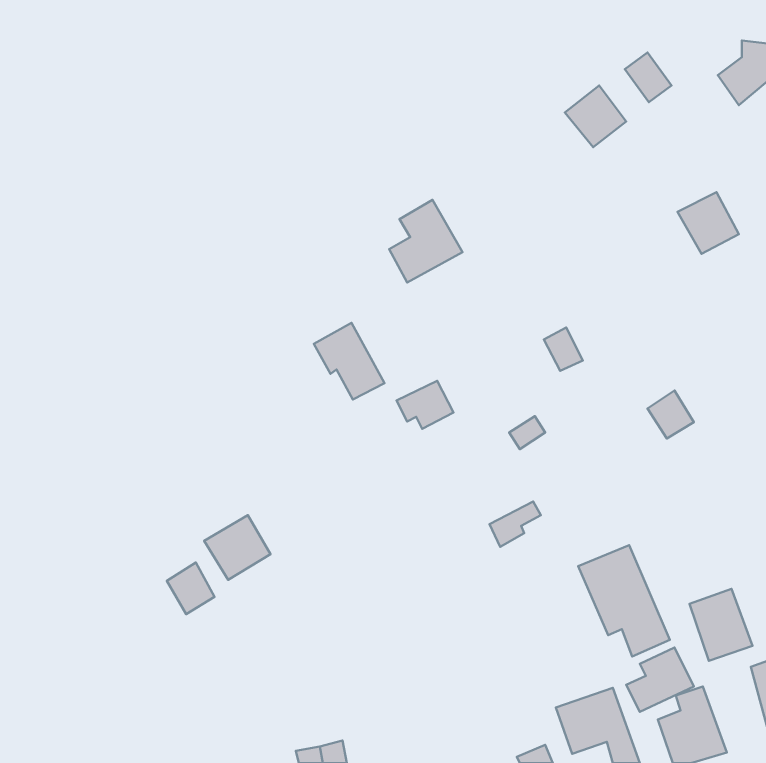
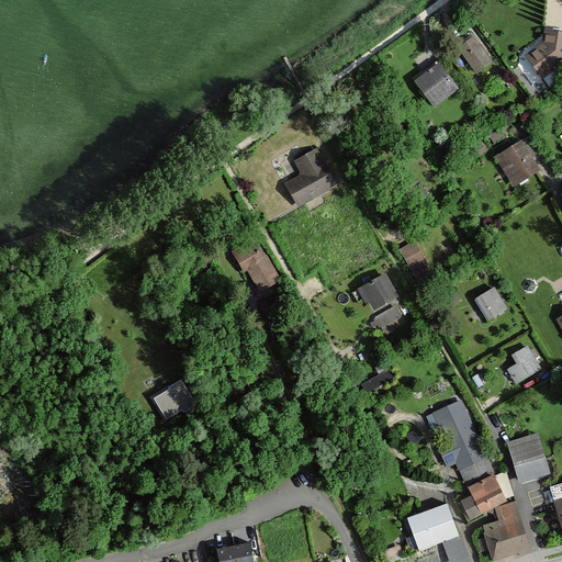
building: [397,381,454,429] -> [357,273,398,308]
building: none -> [506,344,541,383]
building: [167,563,215,614] -> none

